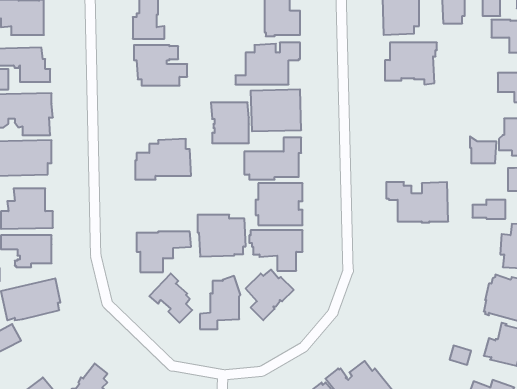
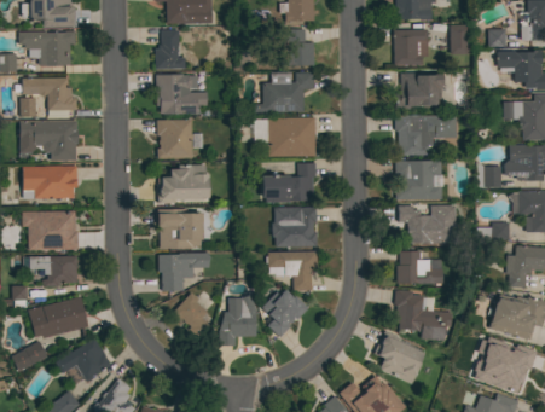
building: none -> [394,115,456,155]
building: [211,102,249,143] -> [156,120,192,158]
building: none -> [395,159,442,201]
building: [198,215,246,257] -> [157,209,203,249]
building: none -> [396,251,442,284]
building: none -> [394,290,452,341]
building: none -> [373,330,424,384]
building: none -> [56,338,111,382]

